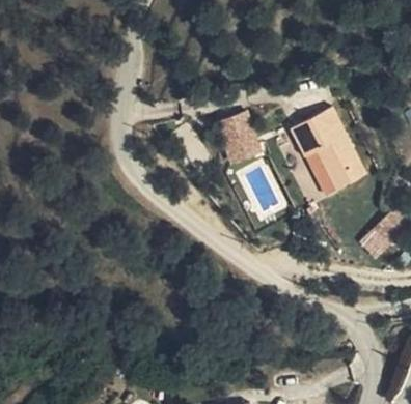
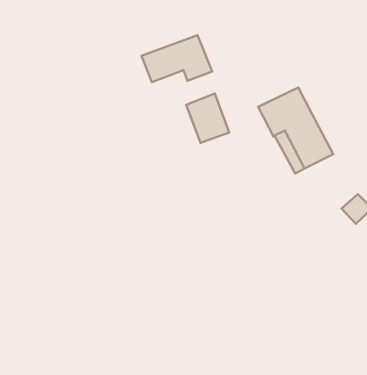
building: none -> [141,35,212,82]

